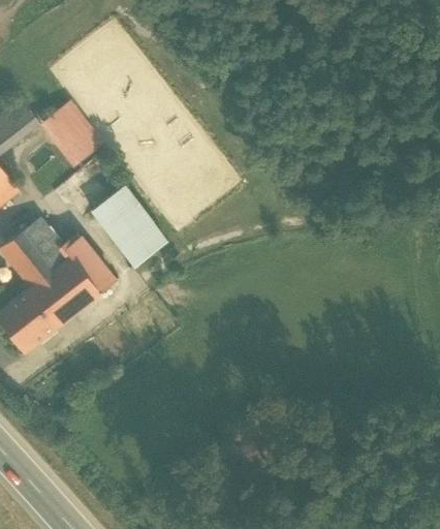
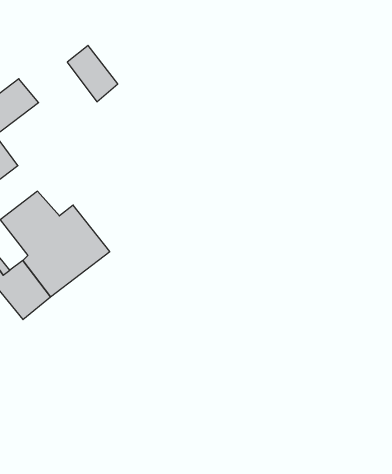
building: [46,103,99,162] -> [67,45,118,102]
building: [93,186,166,266] -> none

